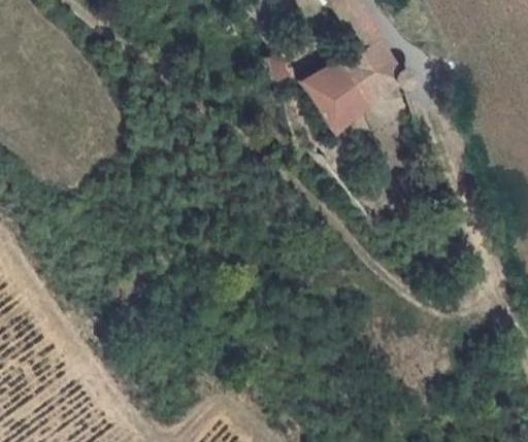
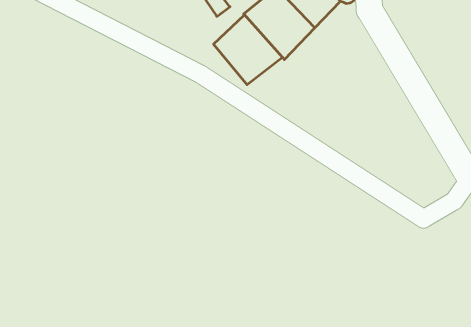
building: none -> [214,15,283,85]

